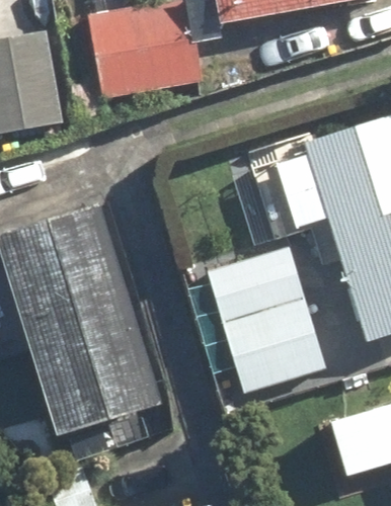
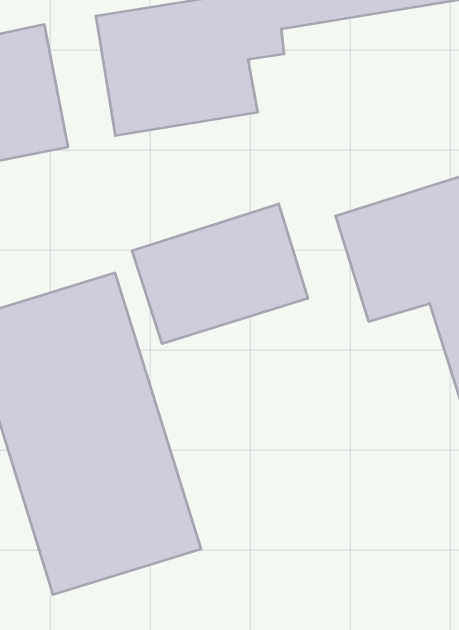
building: none -> [132,204,308,344]
building: [207,244,326,394] -> none

